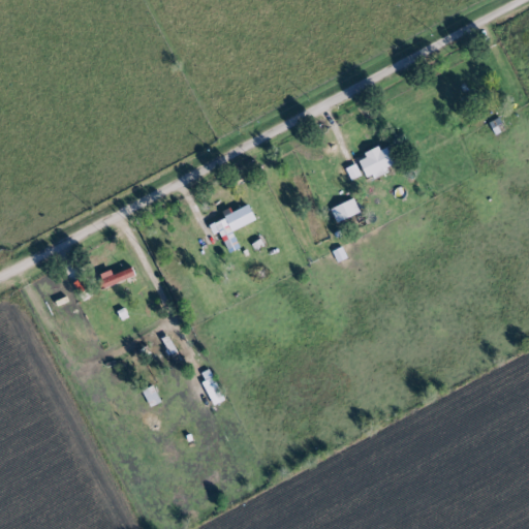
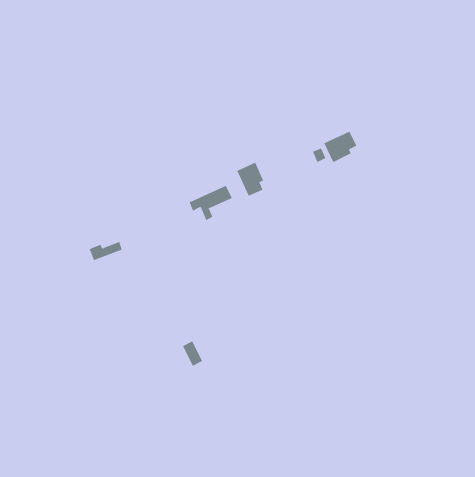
building: none -> [236,162,264,197]
building: [330,198,360,222] -> none

